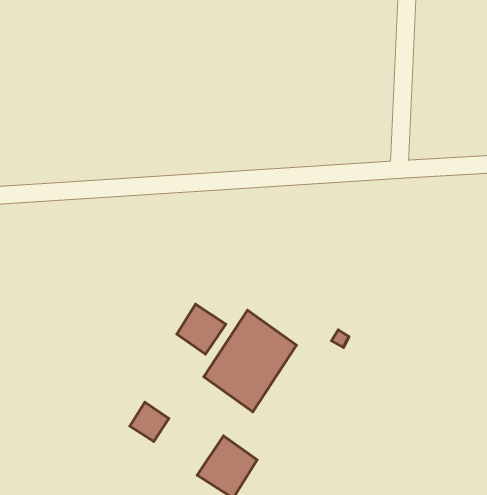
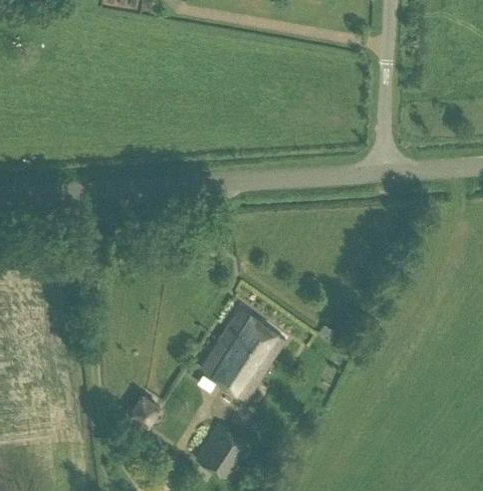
building: [177,304,226,354] -> none

